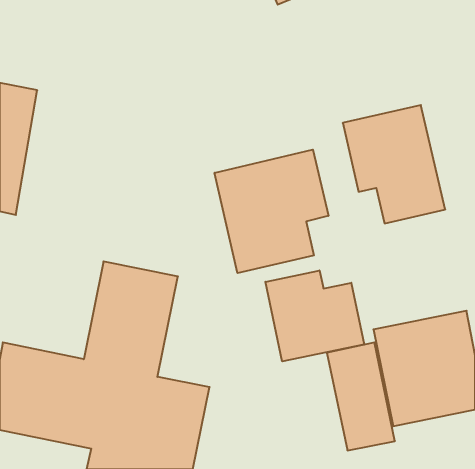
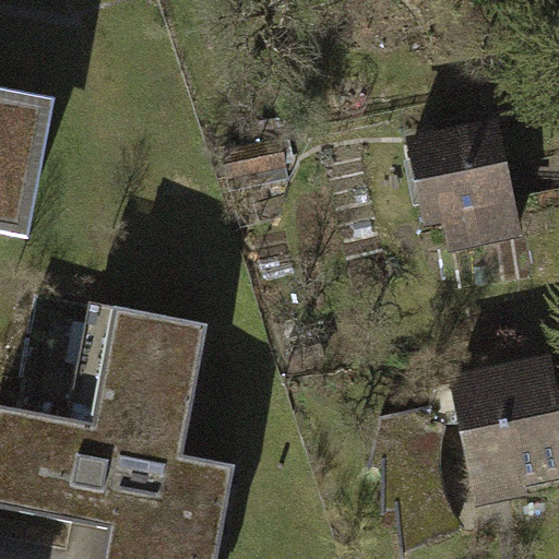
building: [215,150,328,273] -> none
building: [265,270,364,361] -> none

